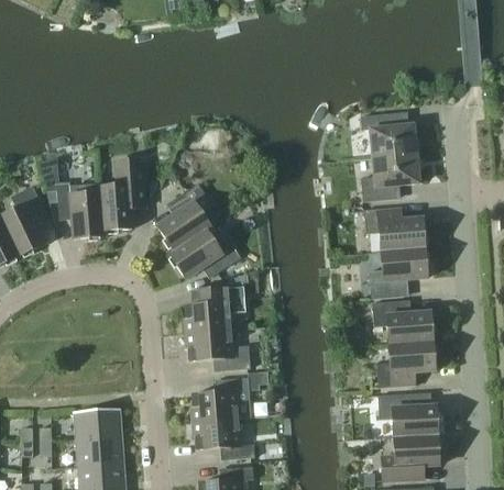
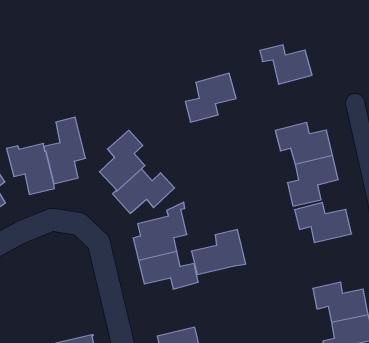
building: [361,153,419,201] -> [185,73,236,122]
building: [376,339,435,387] -> none
building: [191,377,251,421] -> [191,229,246,275]

